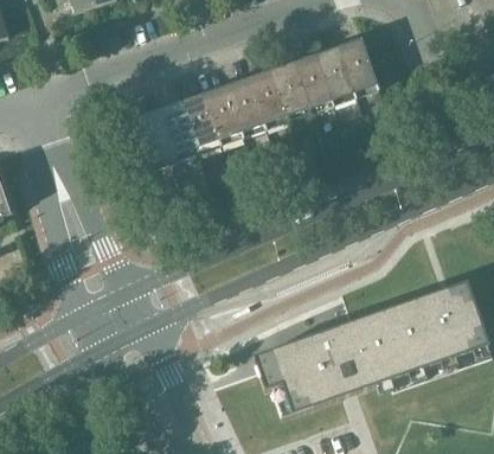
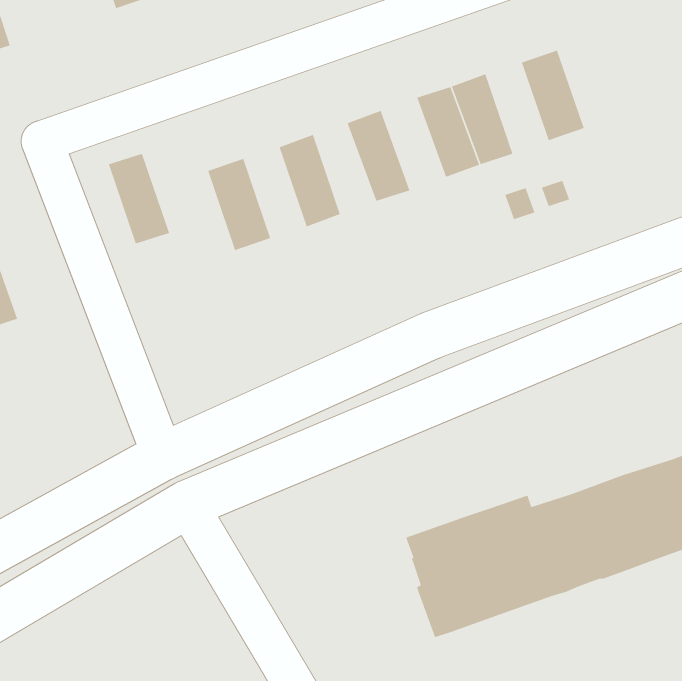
building: [315,44,355,103] -> none
building: [248,66,289,127] -> none
building: [204,83,244,142] -> none
building: [159,98,199,158] -> [108,153,170,244]

